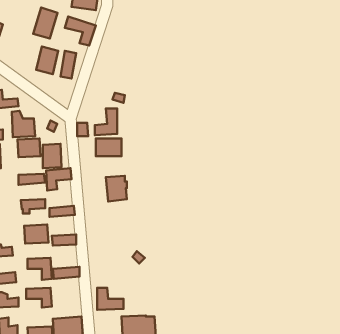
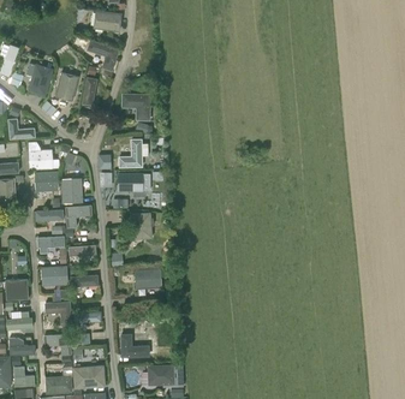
building: [33,7,58,38] -> [26,64,53,97]
building: none -> [120,94,150,120]
building: none -> [133,268,162,290]

